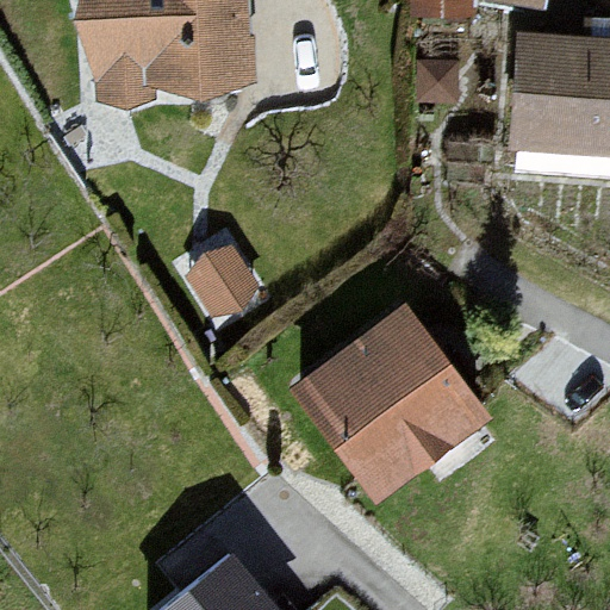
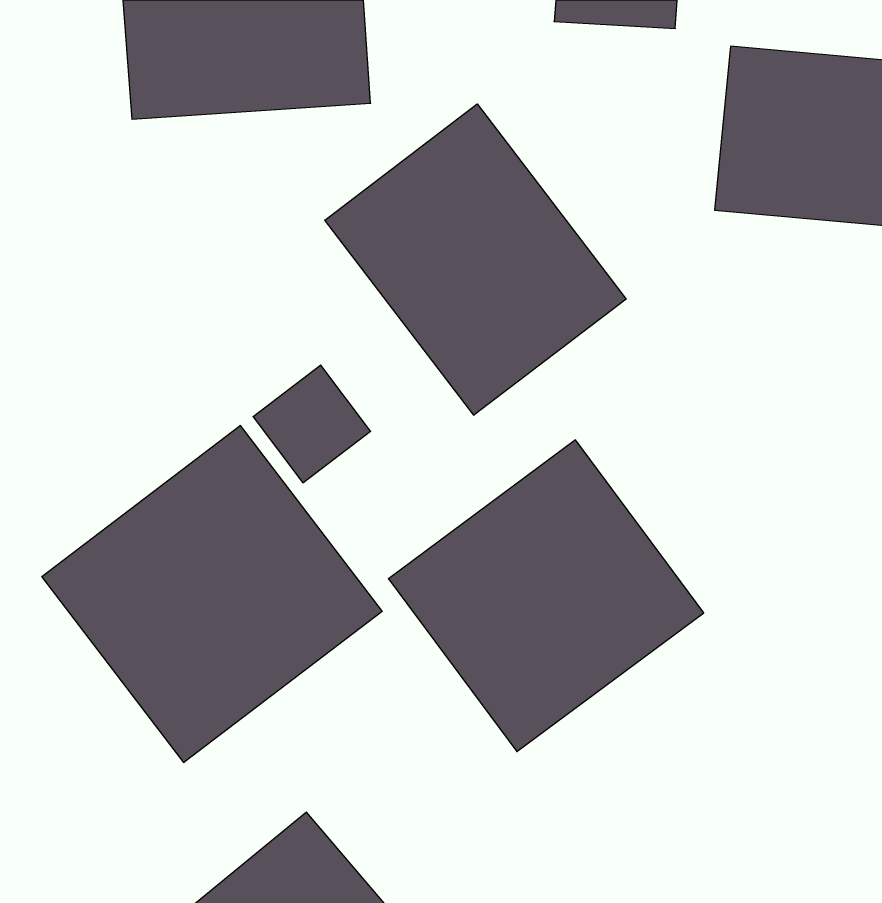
building: none -> [325,104,626,415]
building: none -> [42,425,382,763]

